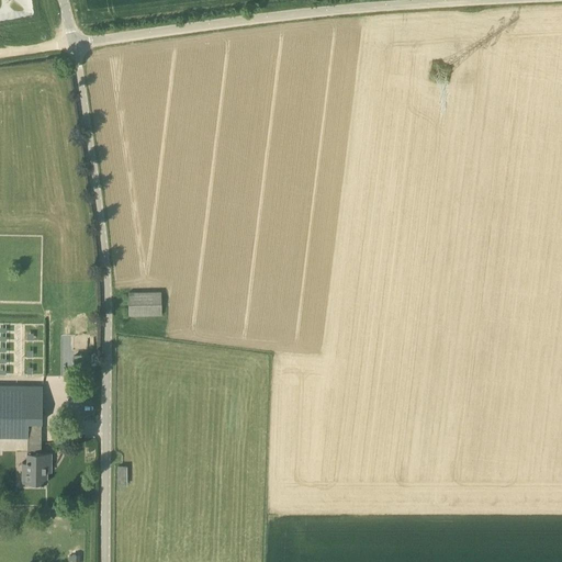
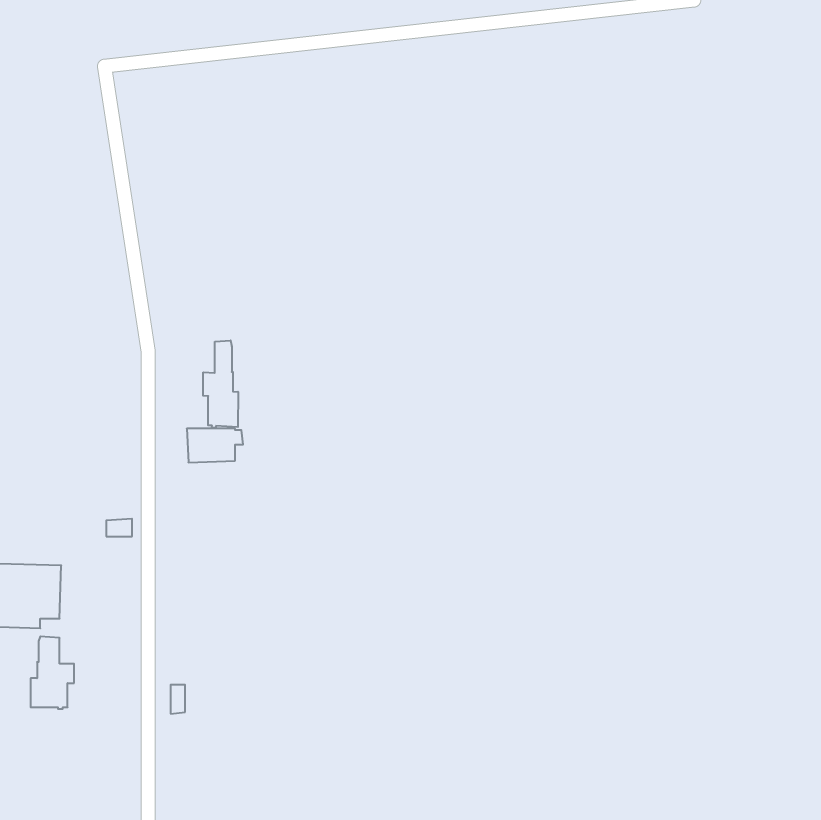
building: none -> [203,340,238,428]

